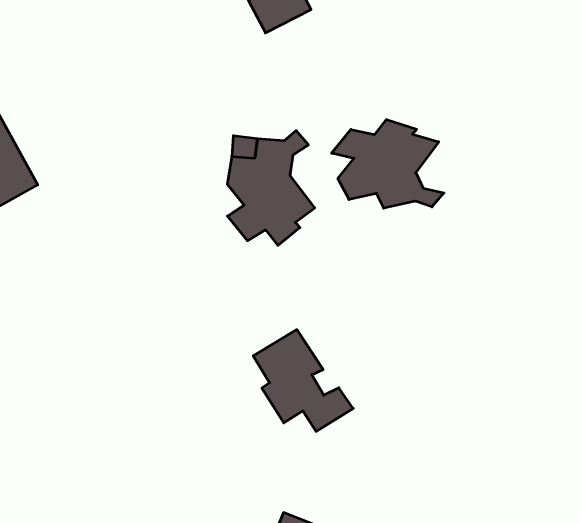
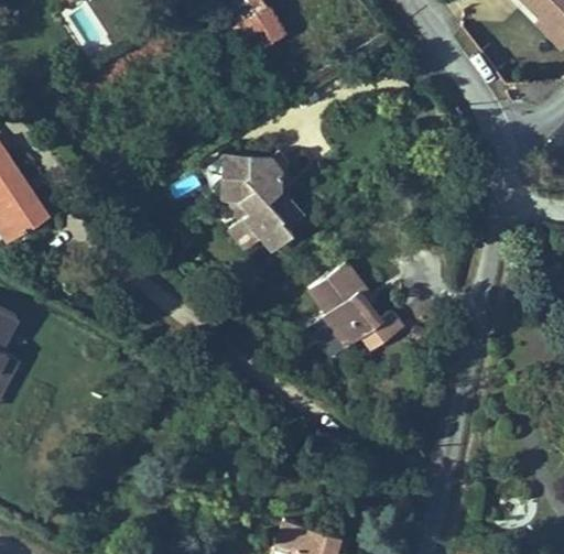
building: [332,120,444,208] -> none
building: [253,330,353,431] -> [307,263,401,354]

